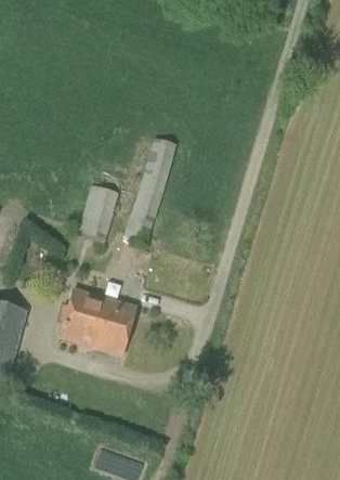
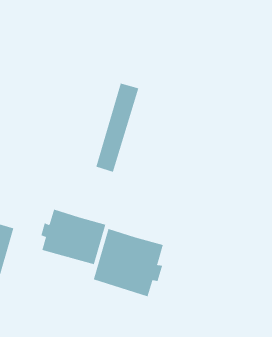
building: [77,183,119,241] -> none
building: none -> [93,228,164,297]

